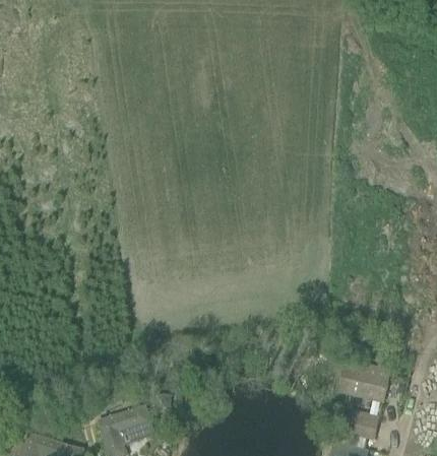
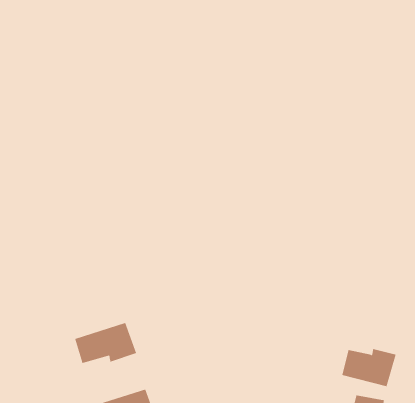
building: none -> [74,322,137,364]

